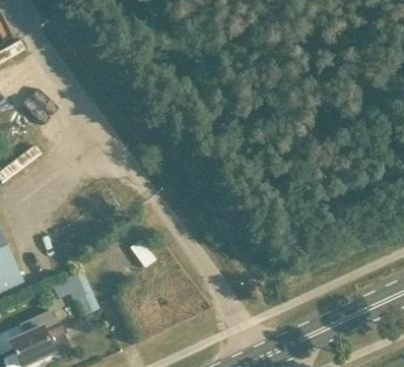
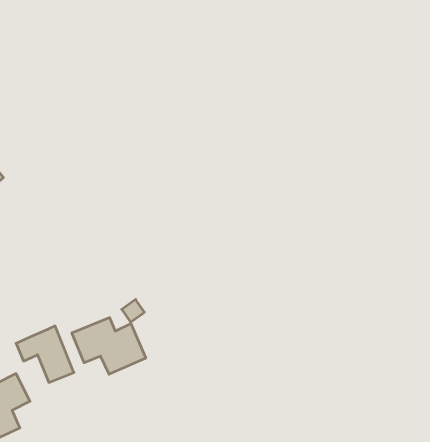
building: none -> [72,318,146,374]

